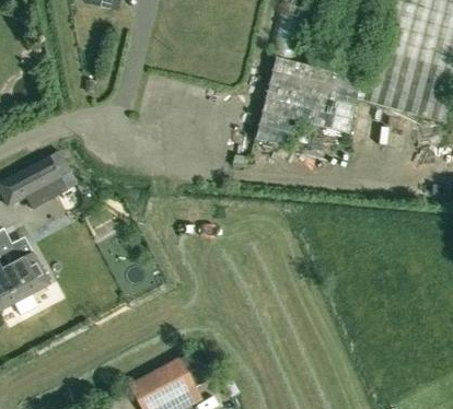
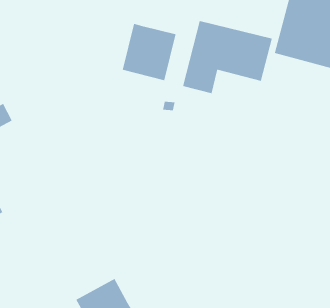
building: none -> [122,23,177,81]

